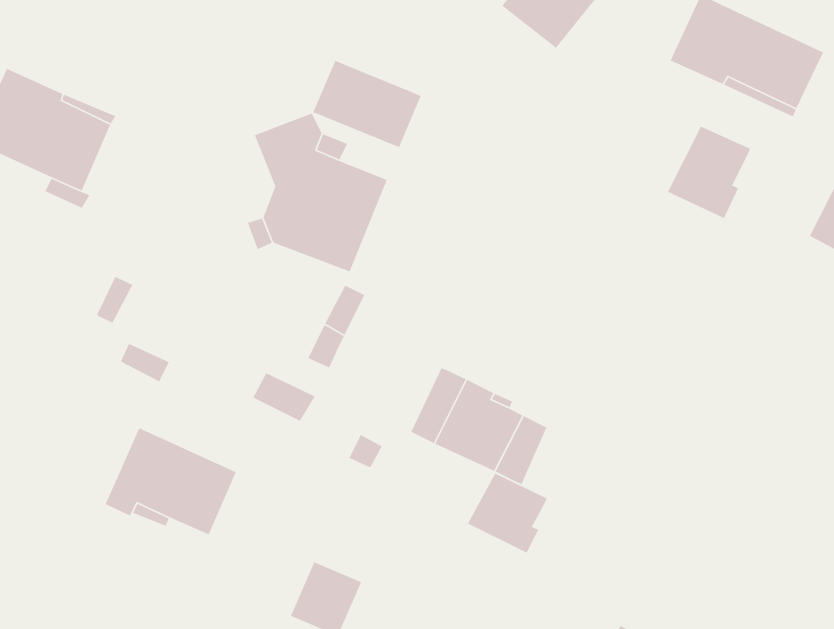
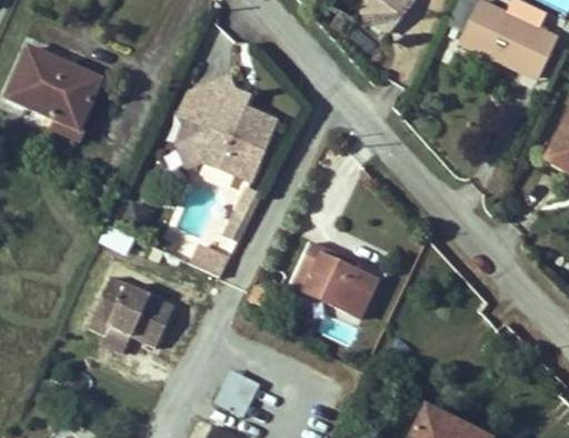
building: [312,60,422,148] -> none
building: [667,125,751,219] -> none
building: [467,473,548,554] -> none

